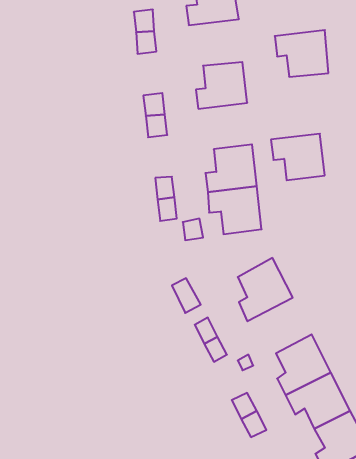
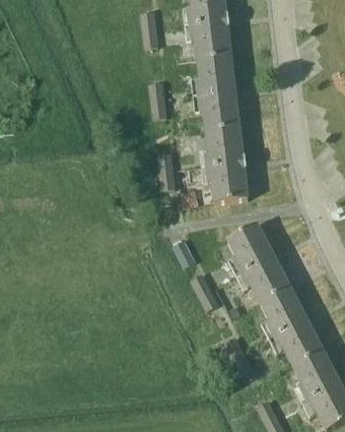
building: [275,30,328,77] -> [186,18,231,58]
building: [271,134,325,180] -> [194,89,239,129]
building: none -> [235,255,290,303]

